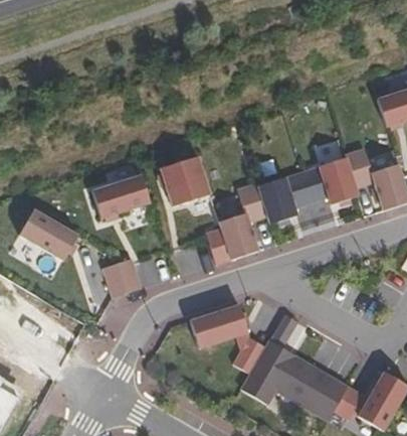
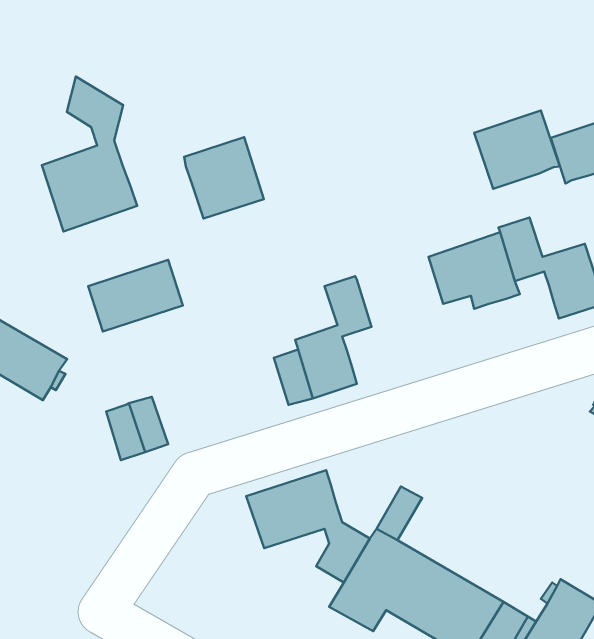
building: none -> [42,77,137,231]
building: none -> [474,111,560,189]
building: [161,156,210,206] -> [184,137,264,219]
building: [258,172,312,224] -> none

